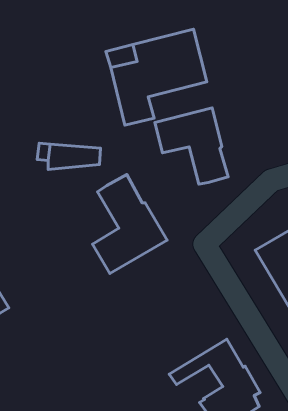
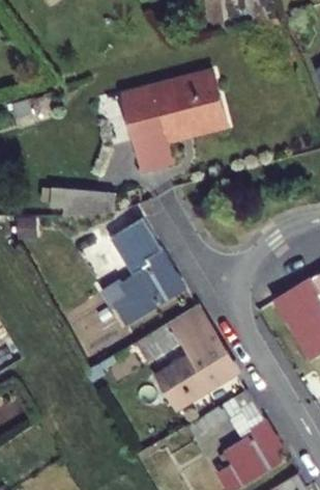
building: [155,108,228,184] -> none
building: none -> [136,305,234,407]

